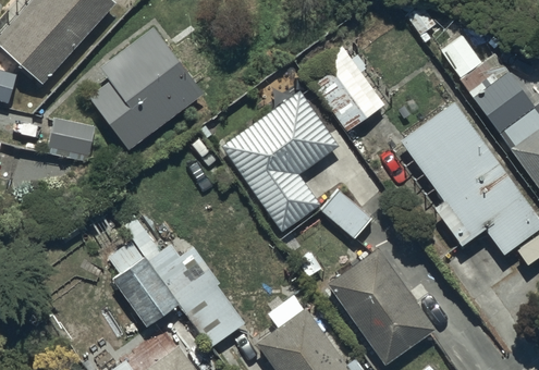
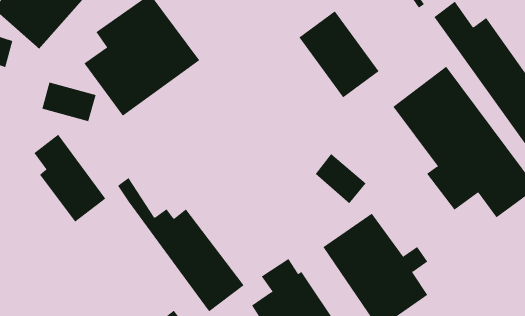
building: [213,90,341,232] -> none
building: [108,237,181,326] -> [34,134,106,222]

